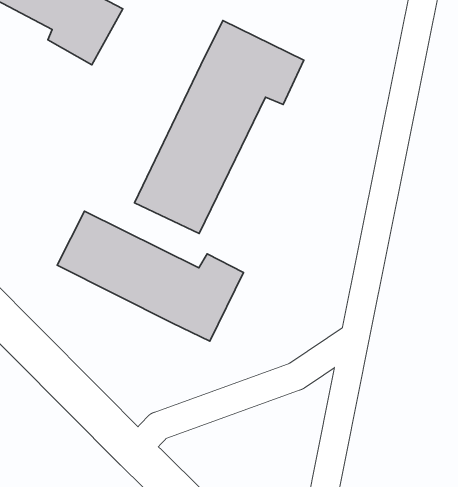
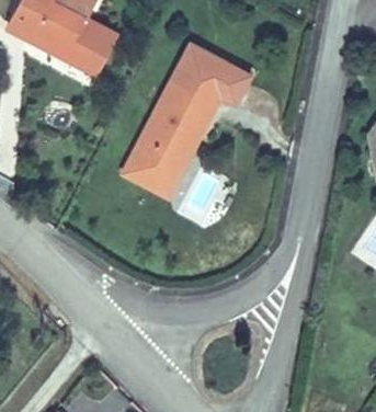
building: [57,211,243,341] -> none

